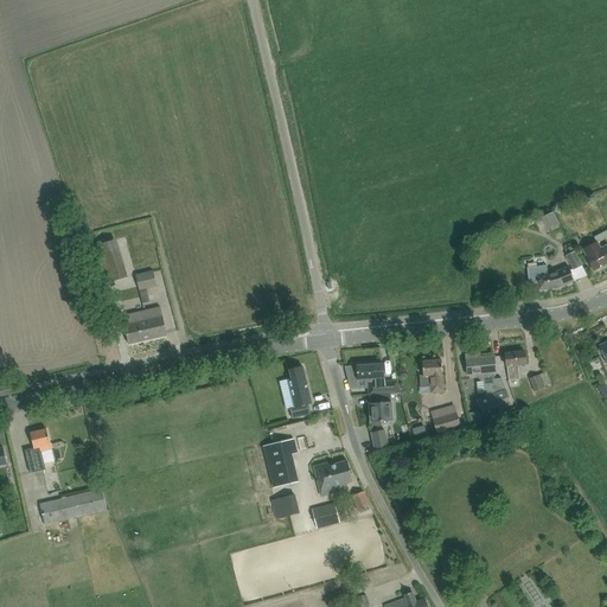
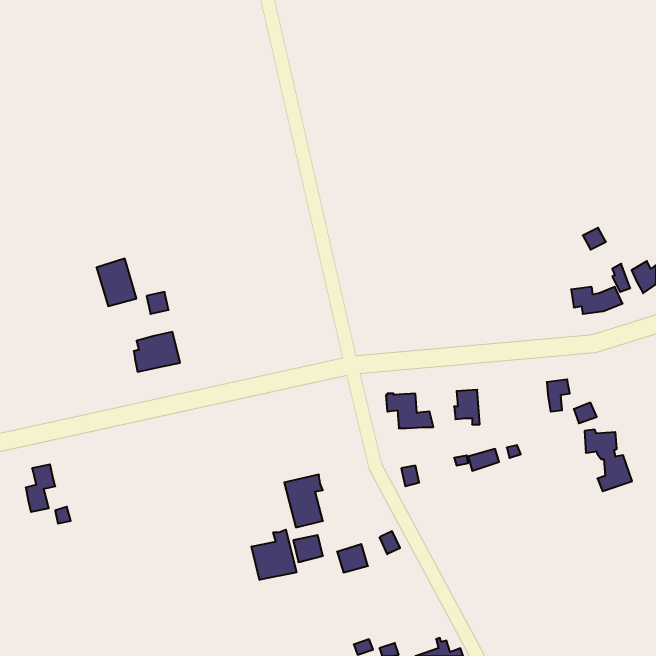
building: [465,353,509,410] -> [585,430,632,491]
building: [288,365,309,417] -> none
building: [368,394,391,421] -> none
building: [314,460,351,493] -> none
building: [39,487,107,524] -> none
building: none -> [252,530,296,580]

